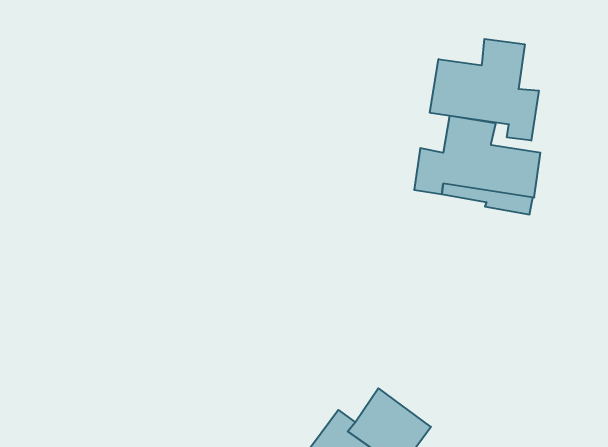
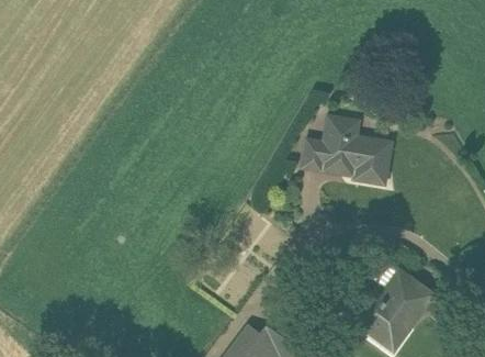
building: [430,39,539,141] -> none
building: none -> [352,270,433,346]

